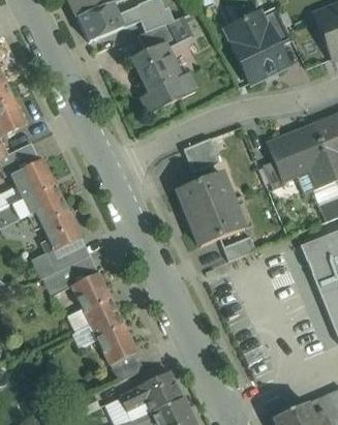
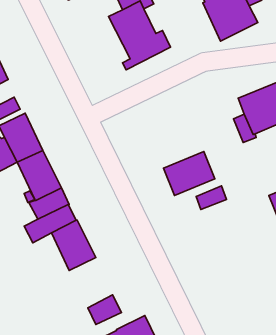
building: [183,136,220,172] -> none
building: [178,171,232,216] -> none
building: [90,310,136,363] -> none

